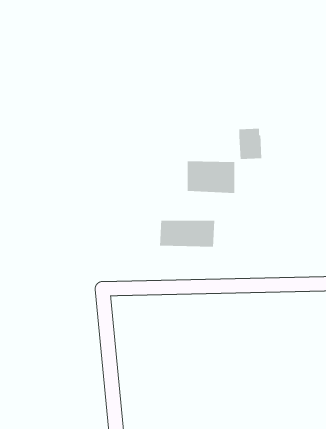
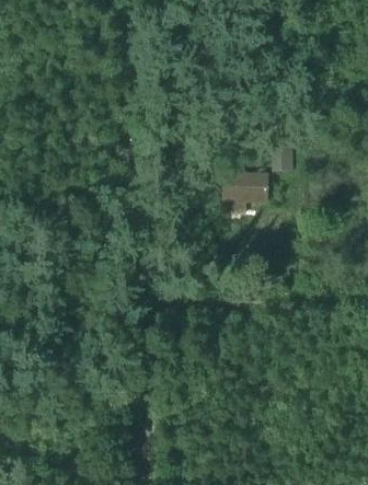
building: [159,220,215,247] -> none

